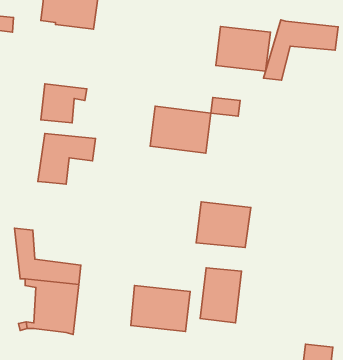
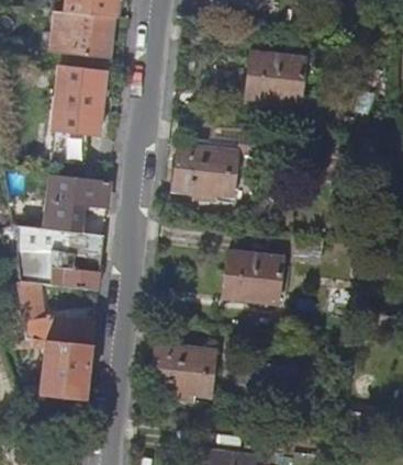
building: [263,20,338,80] -> none
building: none -> [54,64,107,123]
building: none -> [20,227,104,287]
building: [200,268,242,323] -> none

